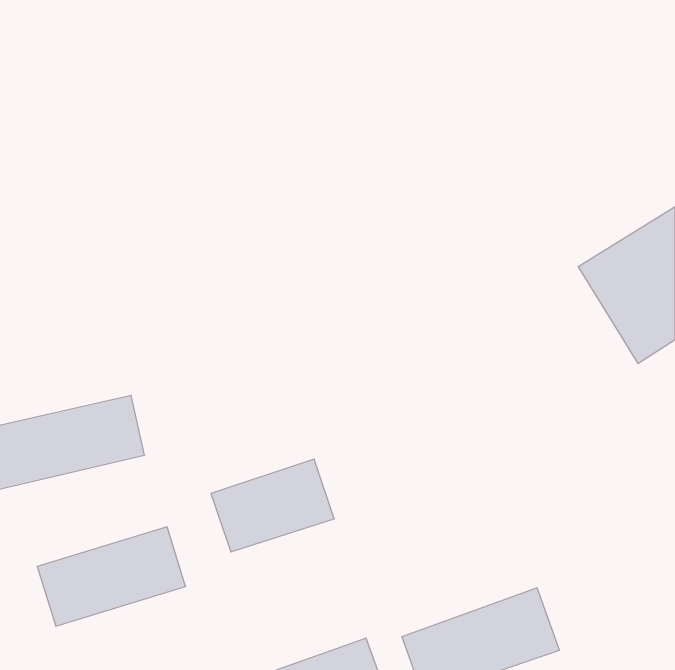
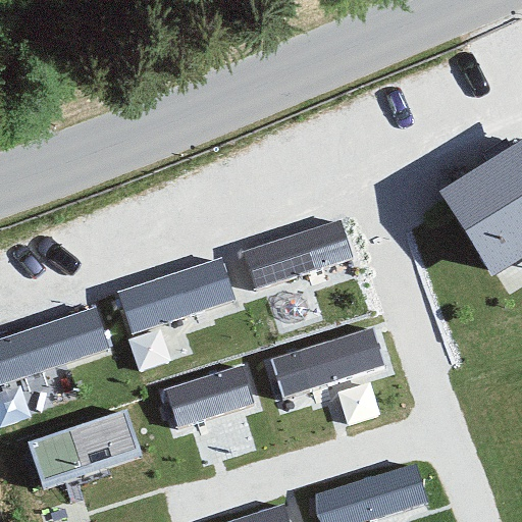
building: none -> [242,218,353,293]
building: none -> [115,259,238,338]
building: none -> [270,330,386,397]

